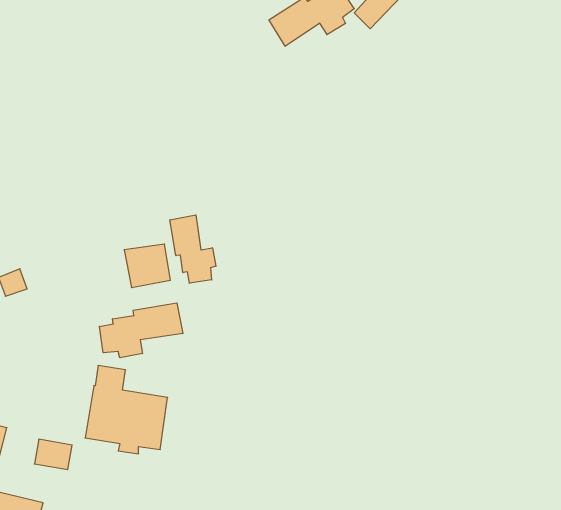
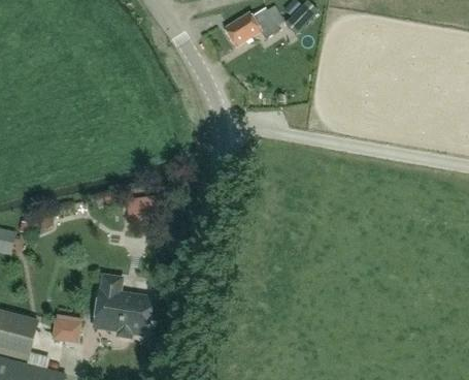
building: [170,215,216,283] -> none
building: [99,303,183,358] -> none

